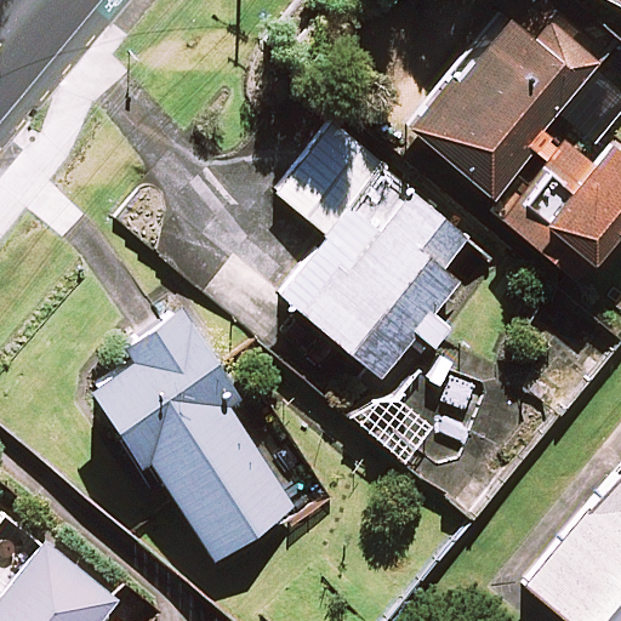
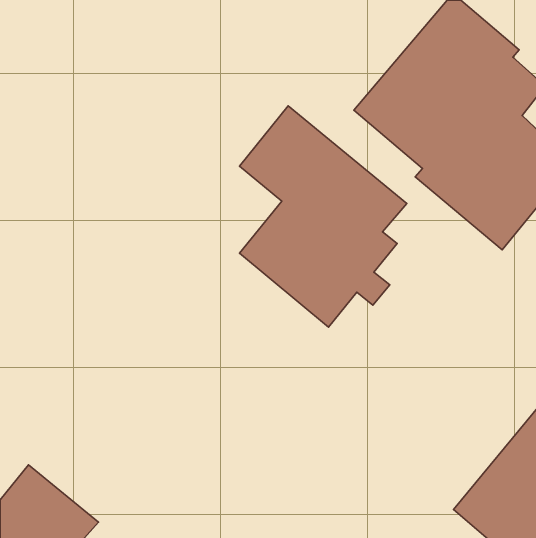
building: [87,306,340,560] -> none

